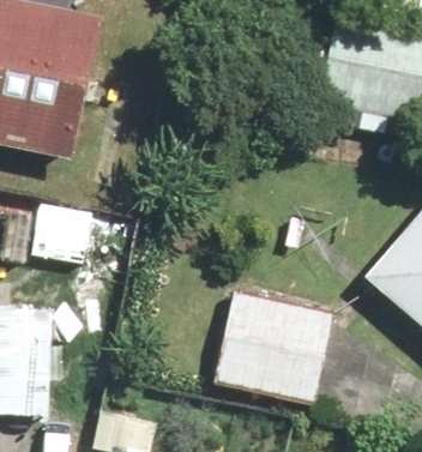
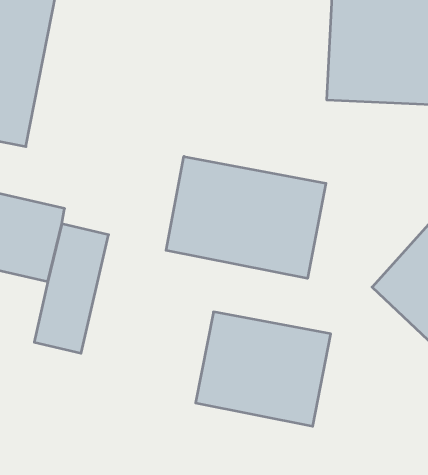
building: none -> [166,156,326,278]

